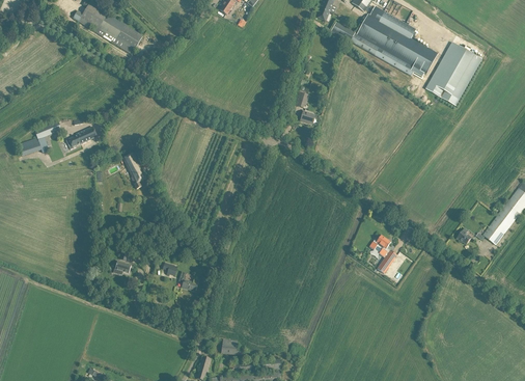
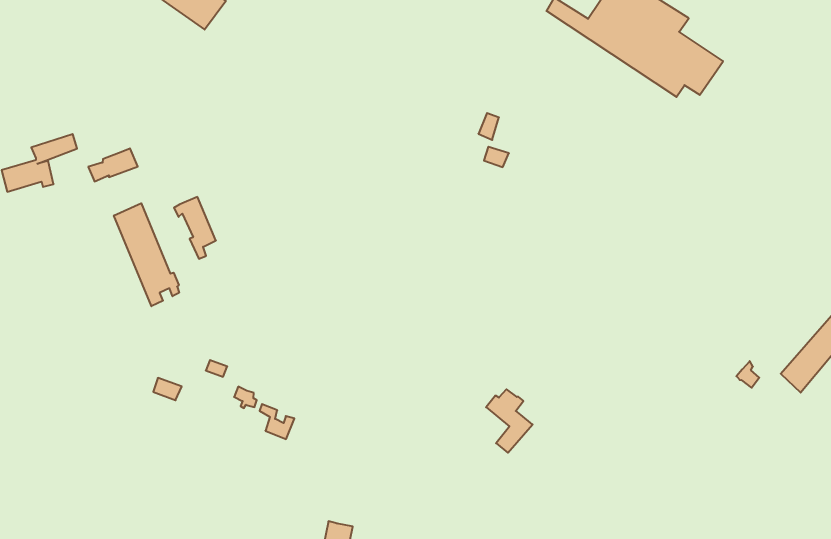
building: [425,40,482,105] -> none
building: none -> [114,203,179,306]
building: [369,235,397,272] -> [486,389,533,453]

